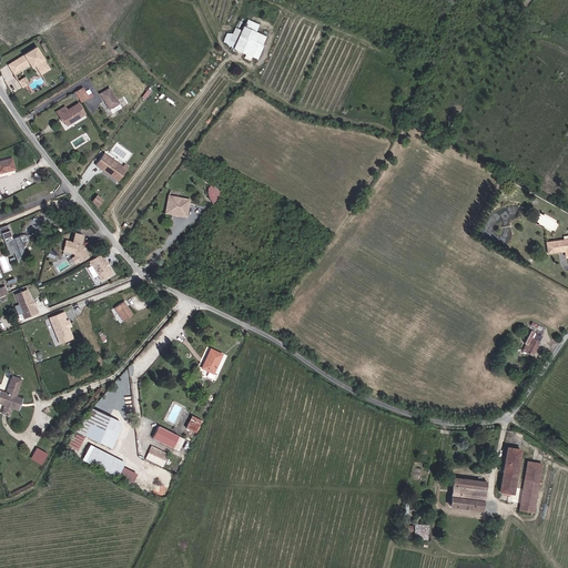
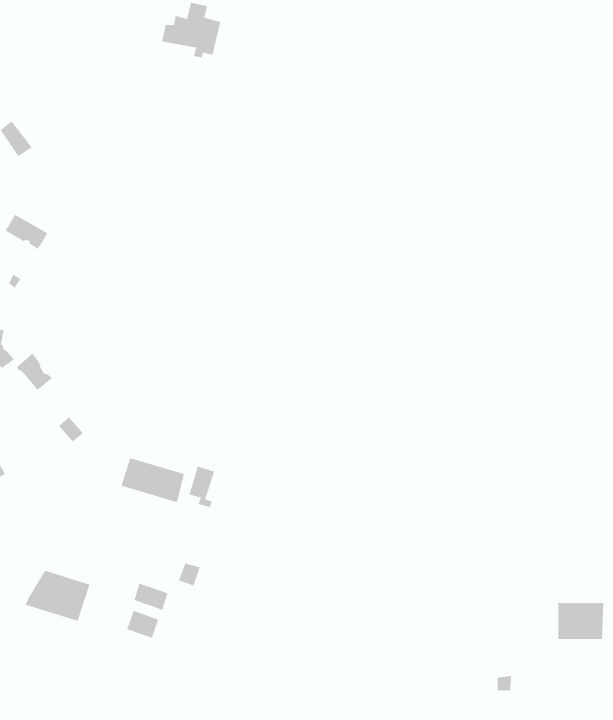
building: [164,191,190,217] -> none
building: none -> [120,457,185,503]
building: [83,444,125,477] -> none

